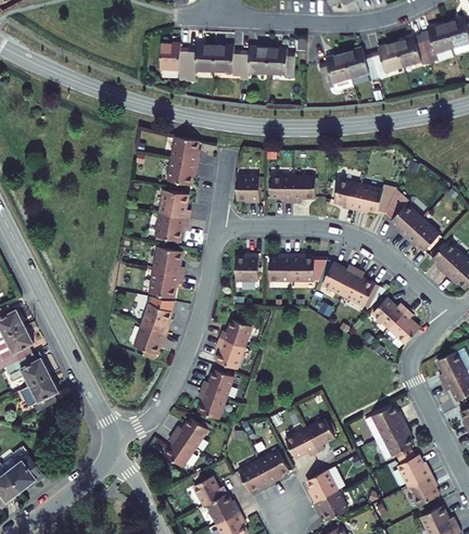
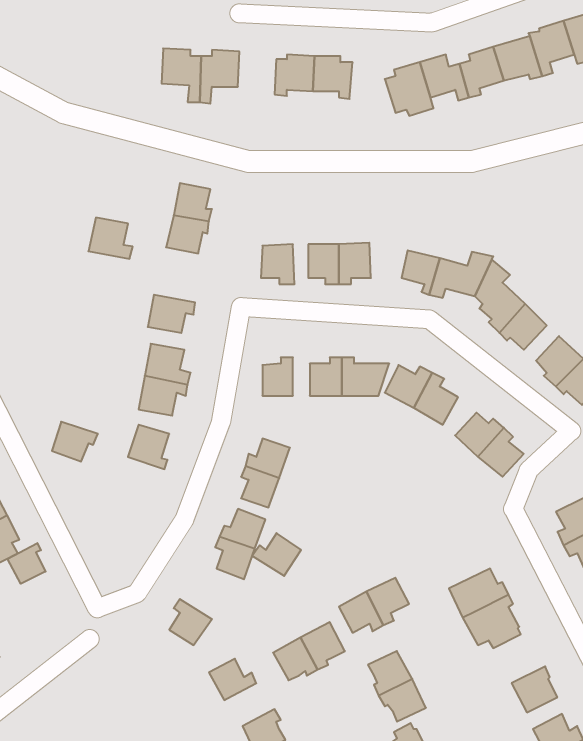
building: [216,42,243,73] -> none
building: [156,191,188,220] -> [88,218,133,259]
building: [131,330,164,358] -> [52,422,98,462]
building: none -> [8,543,46,584]
building: [175,415,210,445] -> [252,533,301,576]
building: [397,456,434,491] -> none
building: [208,491,242,521] -> none

